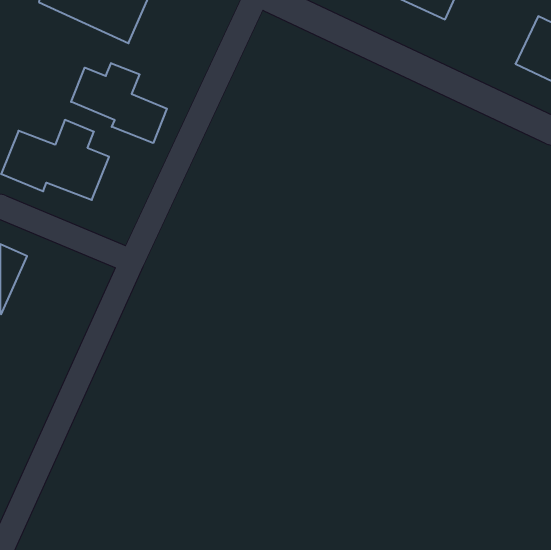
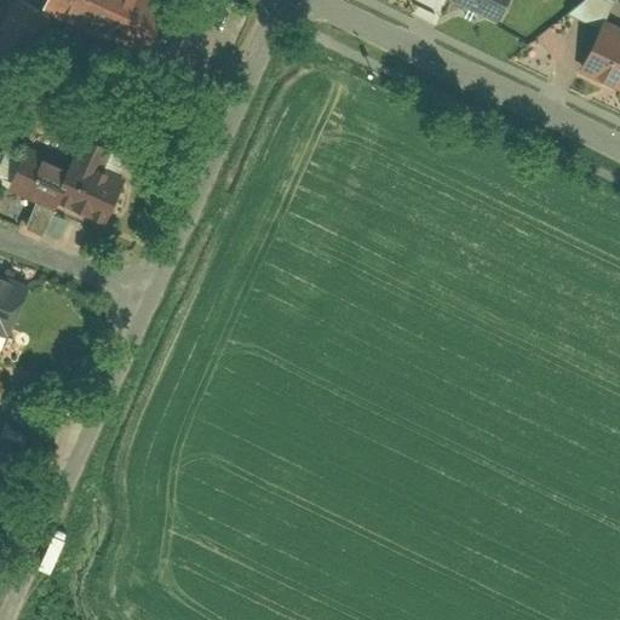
building: [71,63,167,143] -> none

